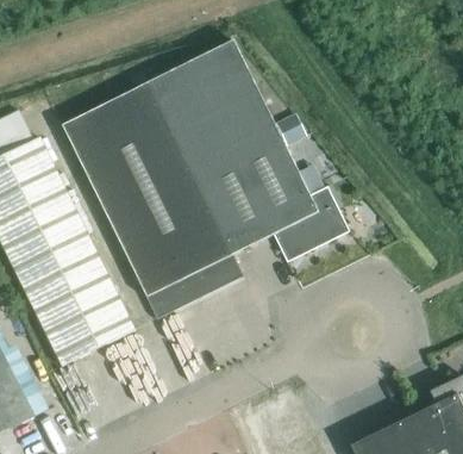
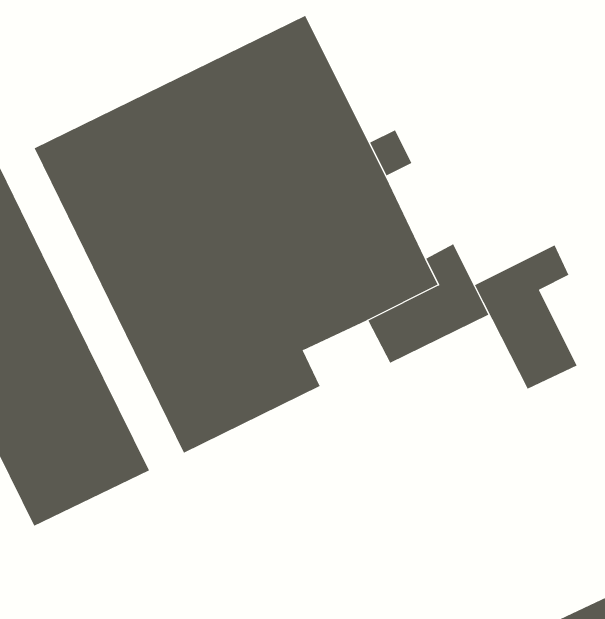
building: none -> [474,244,577,390]

